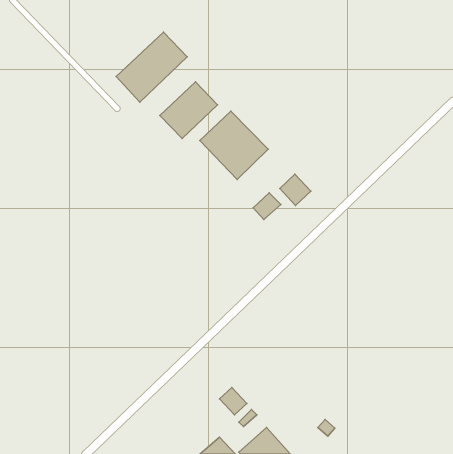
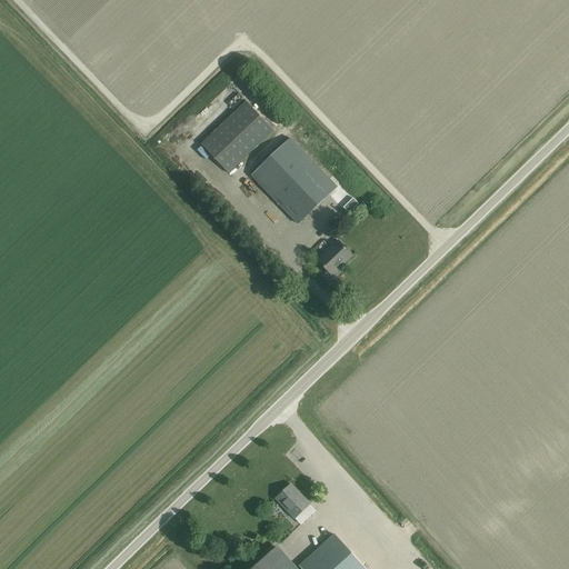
building: [116,32,187,102] -> none
building: [280,174,311,205] -> none

